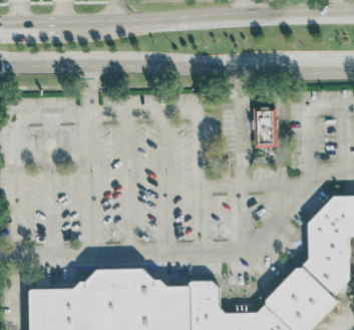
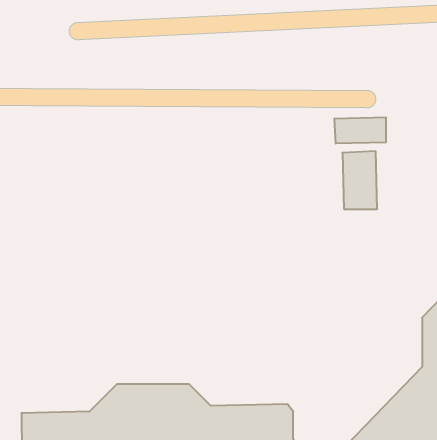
building: none -> [334,117,386,144]

